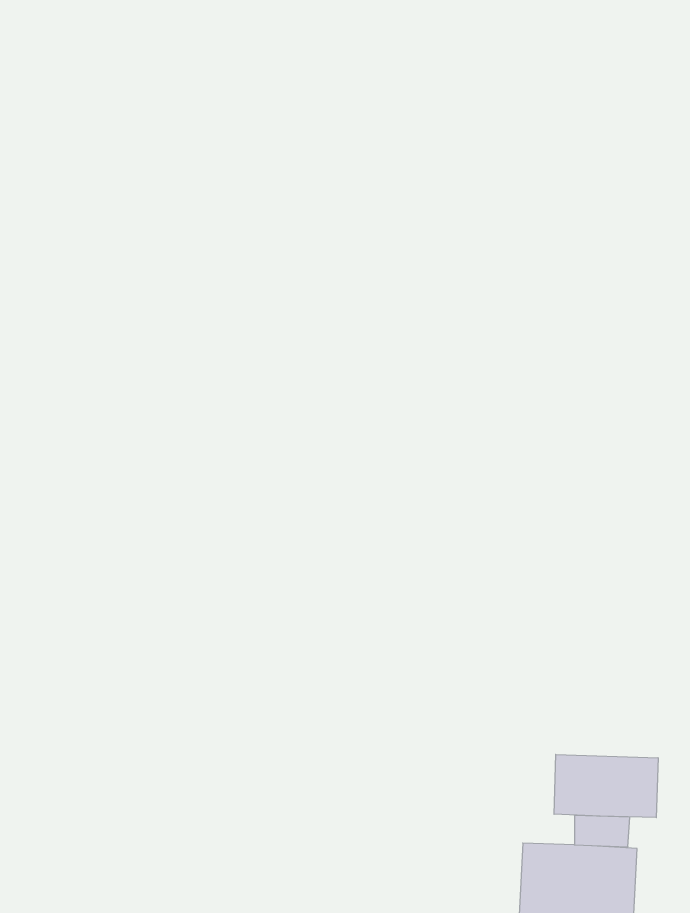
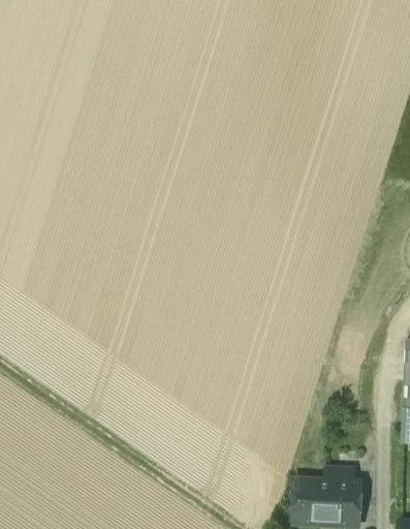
building: [554,754,658,818] -> none

